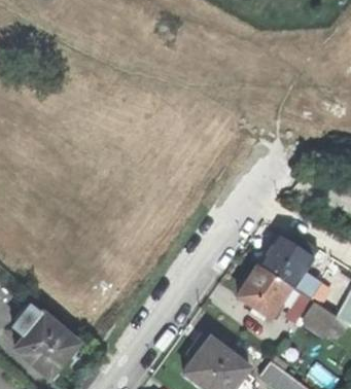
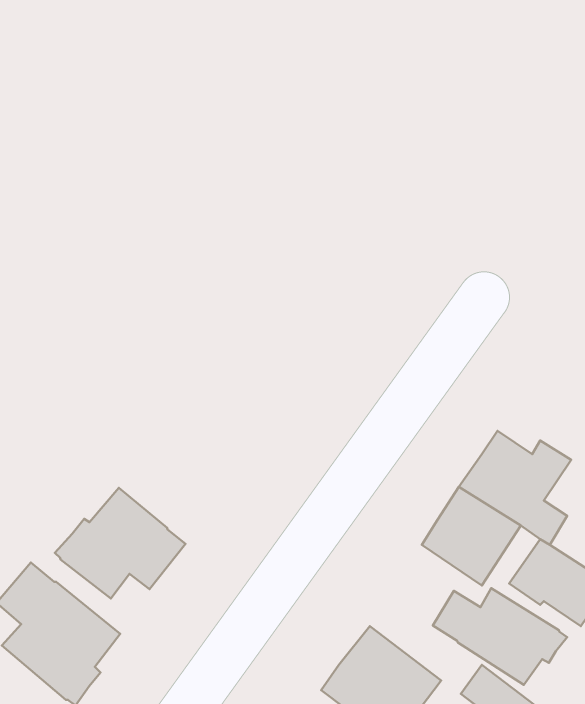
building: none -> [55,488,185,599]
building: none -> [433,588,567,685]

